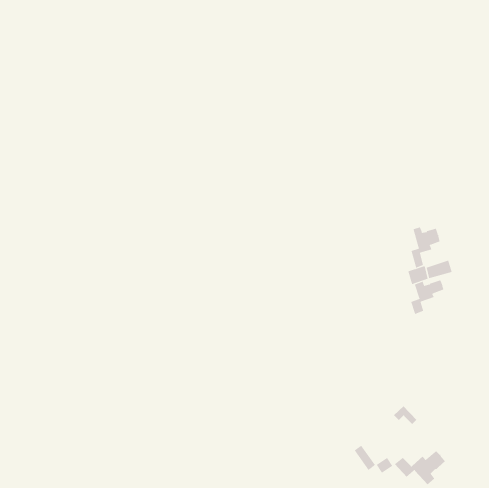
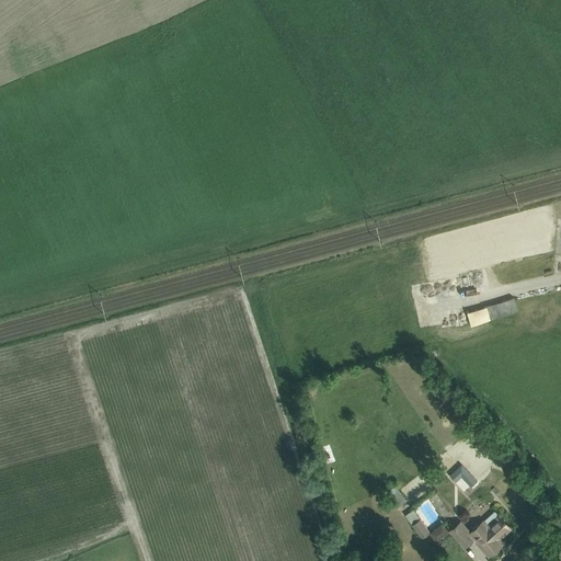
building: [411,226,440,269] -> none
building: [410,279,444,315] -> none

